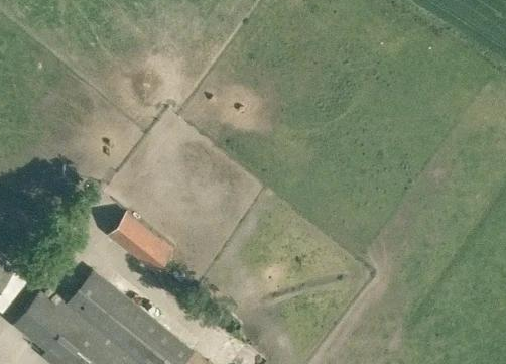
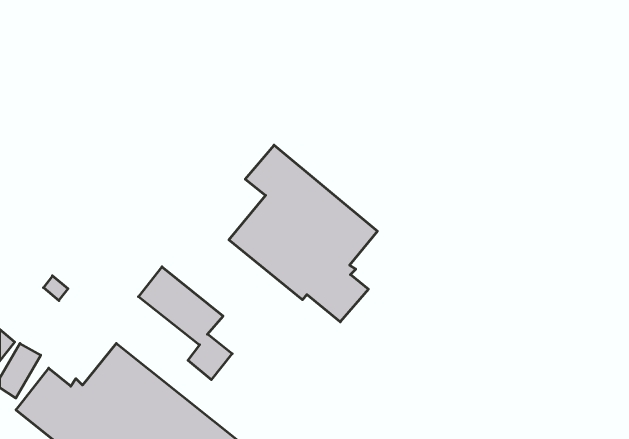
building: none -> [229,145,377,322]

